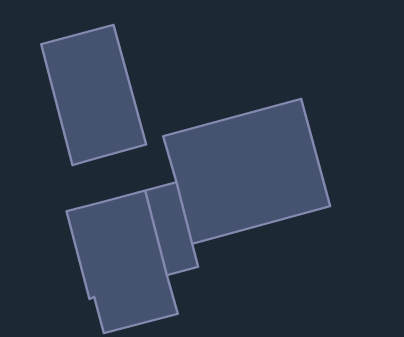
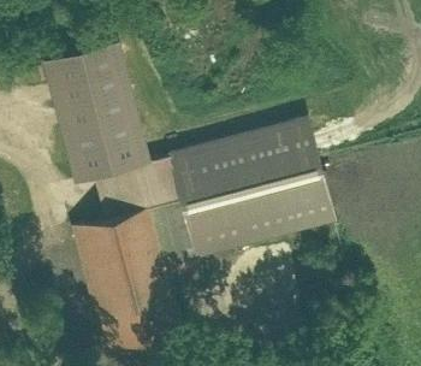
building: none -> [96,158,183,219]

